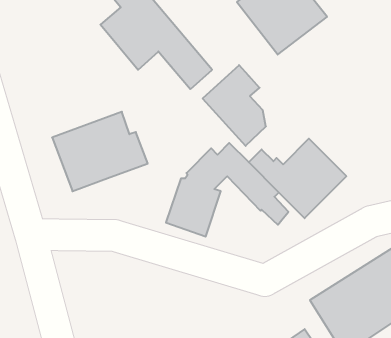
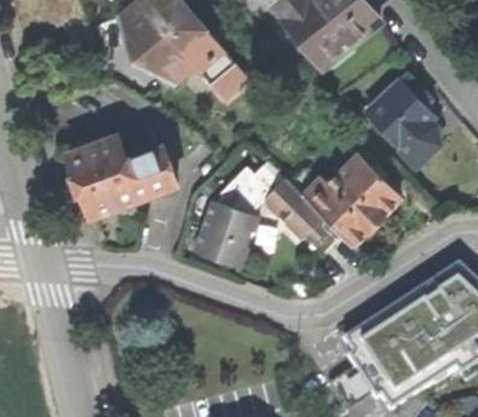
building: [203,65,266,146] -> [364,75,436,166]

